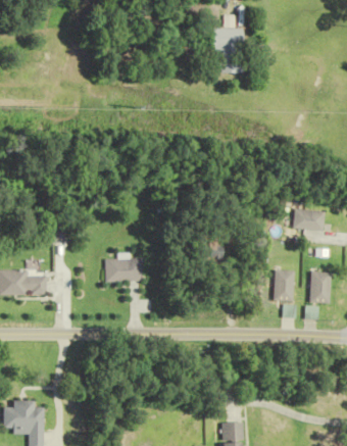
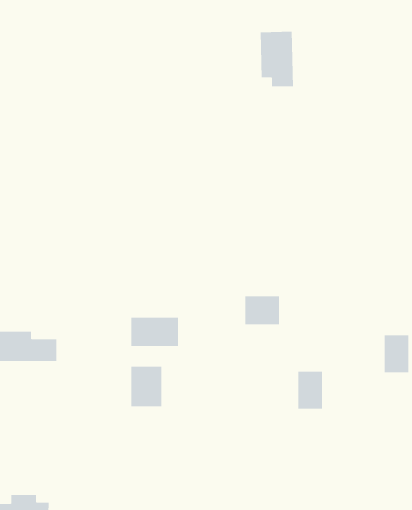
building: [295,209,328,231] -> none
building: [274,270,294,301] -> [298,371,323,409]
building: none -> [131,366,162,407]

